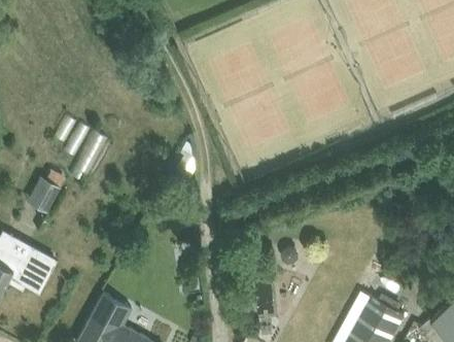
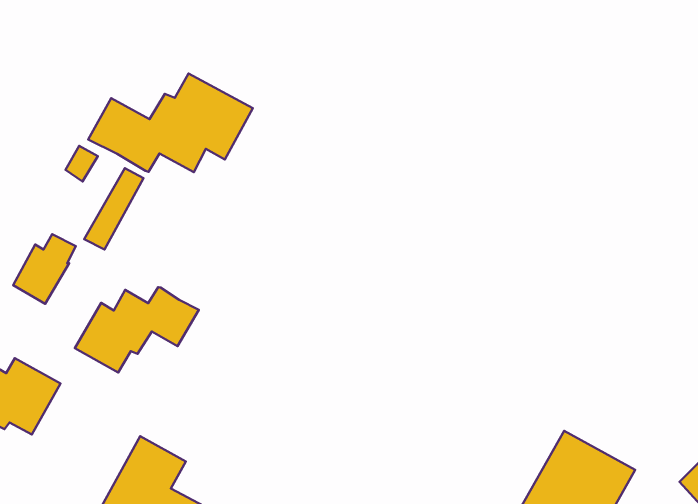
building: none -> [88,74,253,172]
building: none -> [75,287,199,373]

